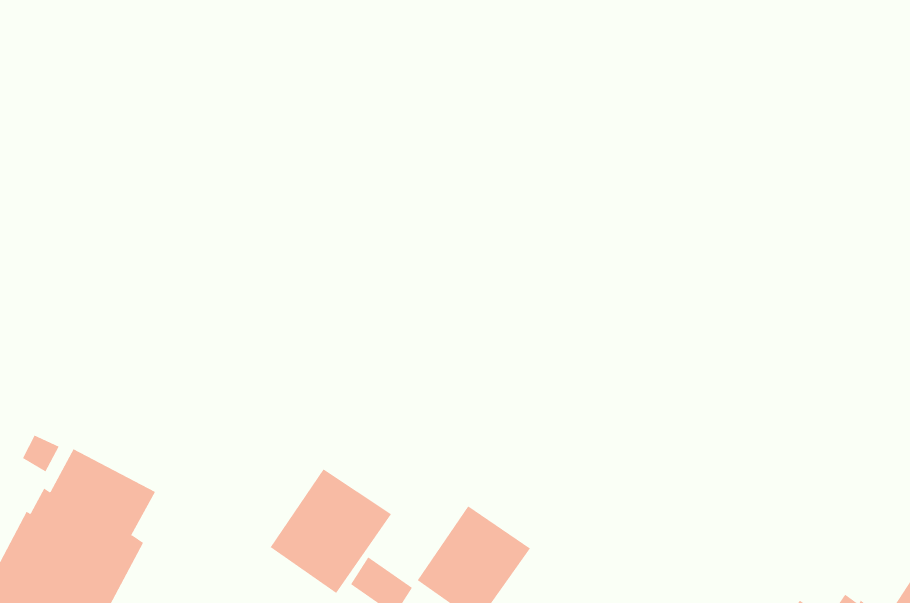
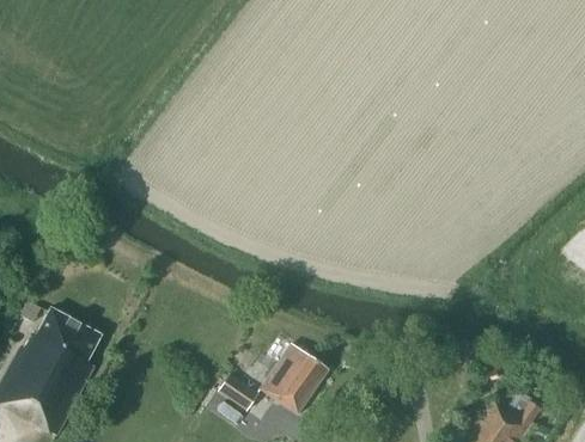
building: [270,469,392,594] -> none

